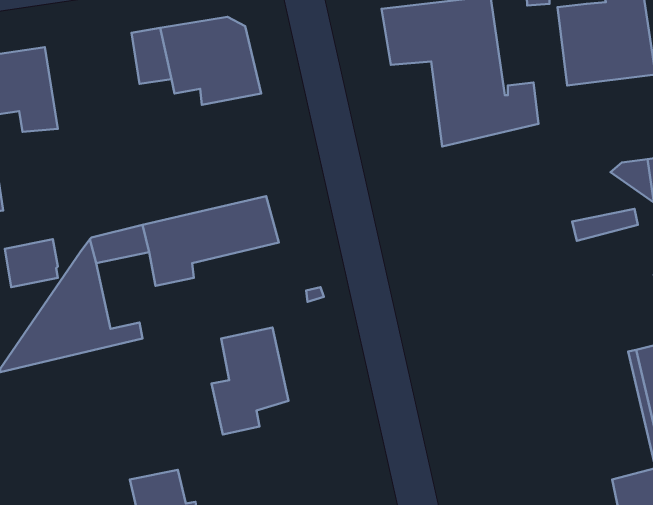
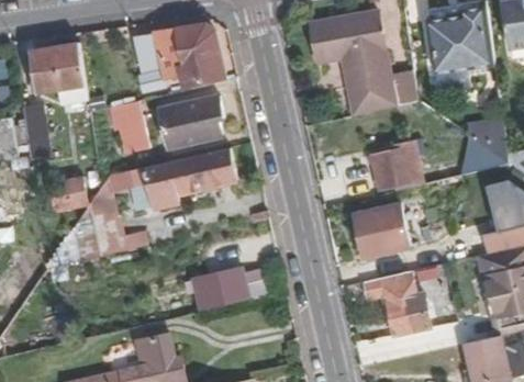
building: none -> [160,97,223,148]
building: none -> [115,106,148,149]
building: none -> [352,138,421,190]
building: none -> [354,204,406,257]
building: none -> [361,265,439,335]

